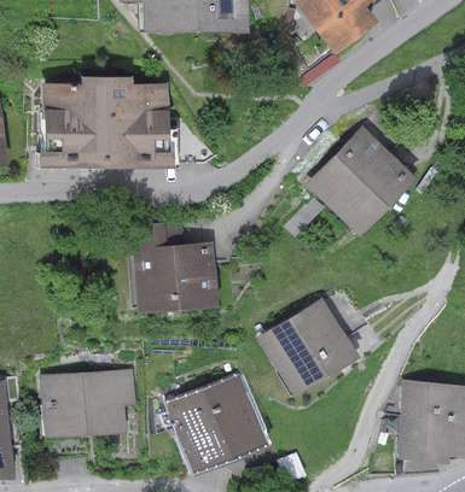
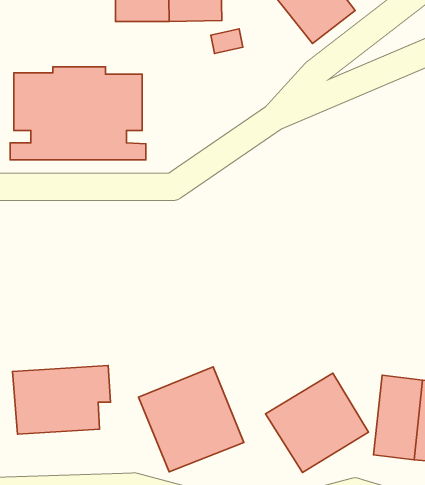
building: [306,129,411,234] -> none
building: [123,222,220,312] -> none
building: [257,298,359,396] -> [266,373,368,472]

